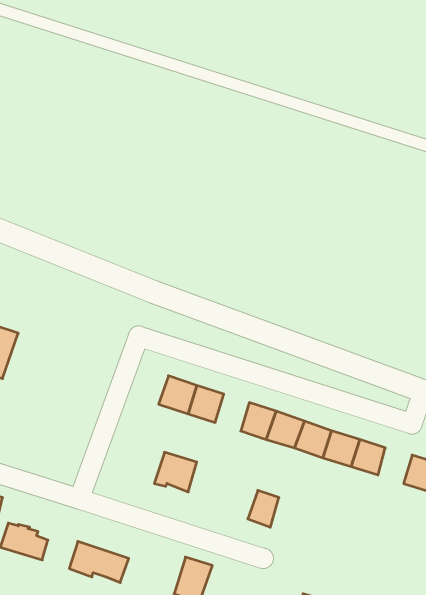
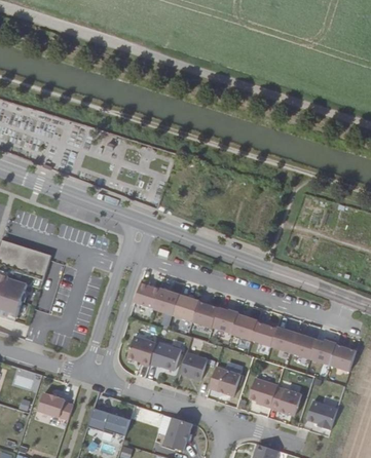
building: none -> [134,281,159,307]
building: none -> [193,300,218,327]
building: none -> [126,335,156,367]
building: none -> [311,339,337,365]
building: none -> [180,354,207,381]
building: none -> [249,380,277,408]
building: none -> [279,389,301,416]
building: none -> [307,400,337,430]

